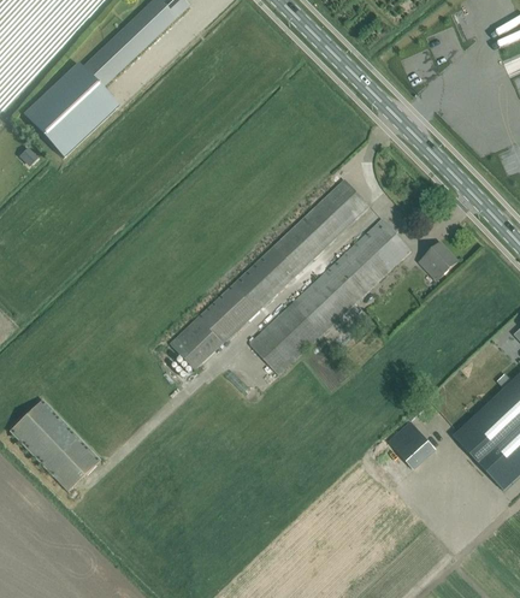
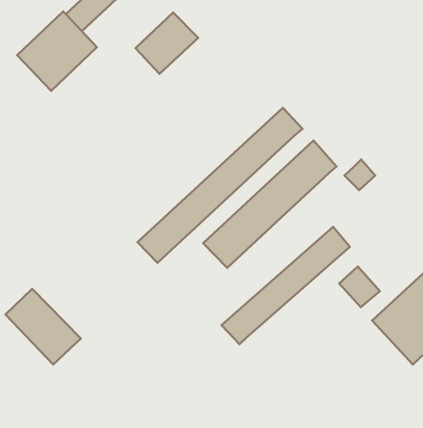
building: none -> [135,12,198,74]
building: none -> [222,227,350,344]
building: [388,421,437,470] -> [339,266,380,307]

